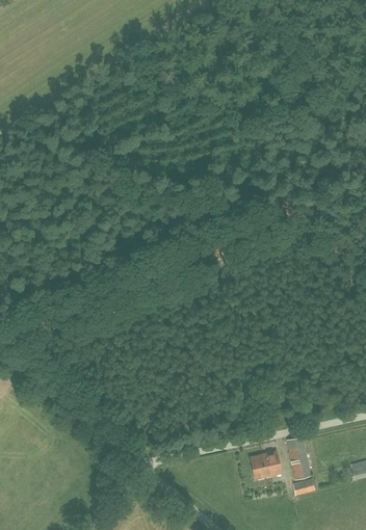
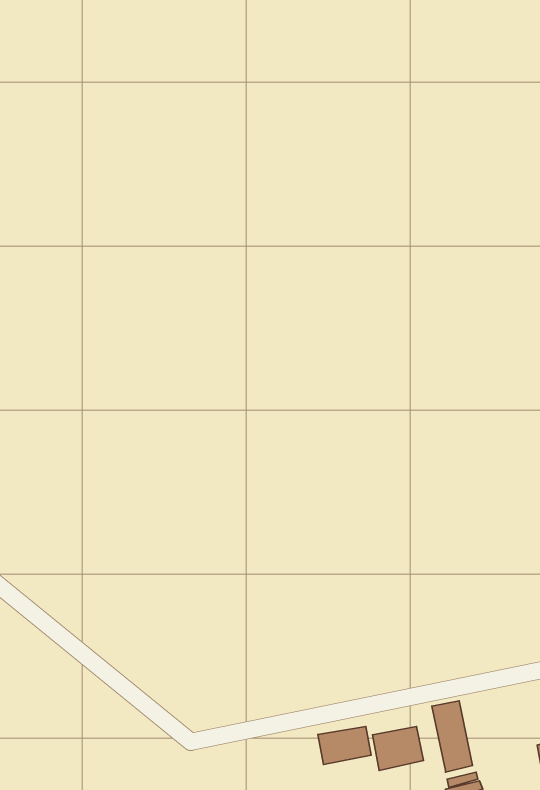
building: none -> [318,727,371,764]

